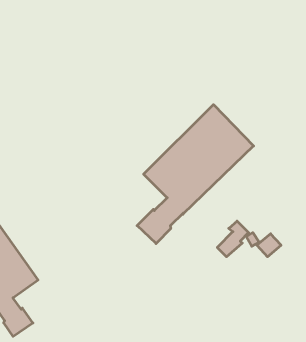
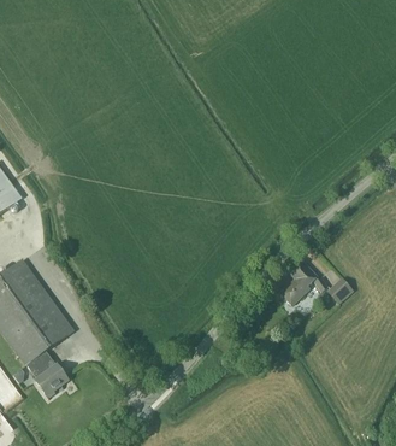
building: [137,105,254,244] -> none

